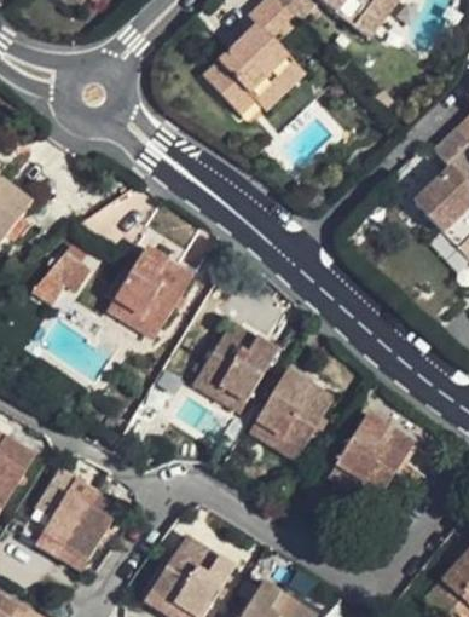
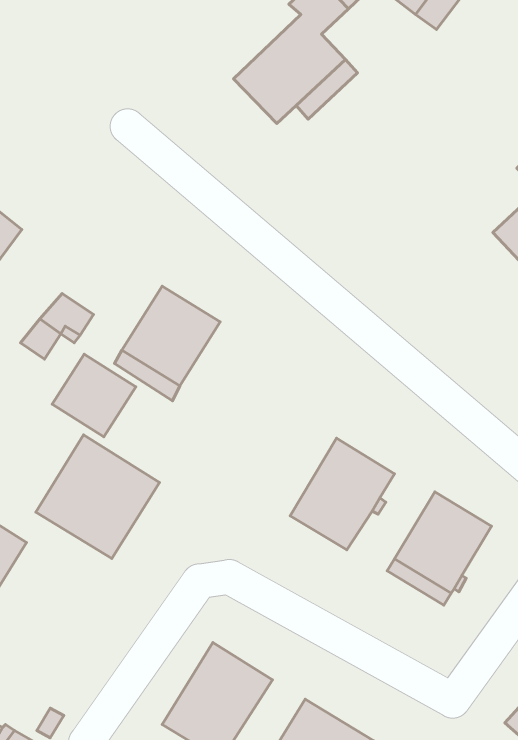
building: none -> [52,354,136,437]
building: [192,321,277,411] -> none
building: [19,468,120,569] -> [36,435,160,559]

